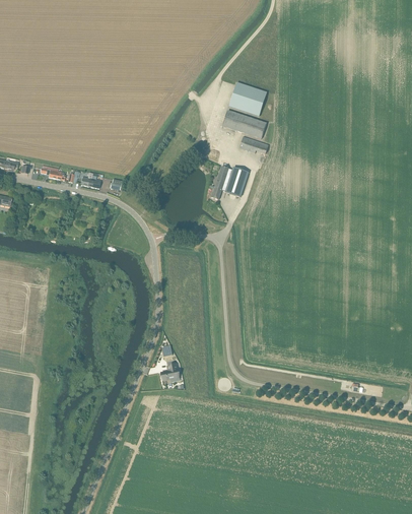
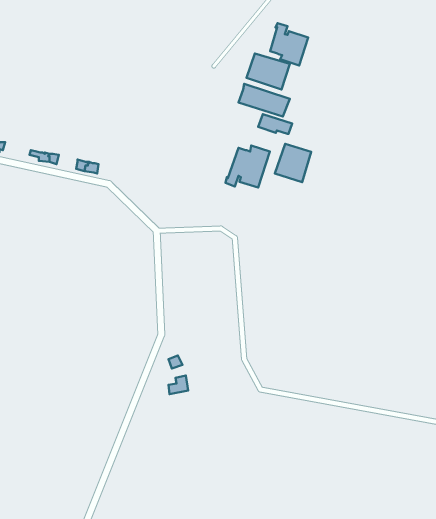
building: none -> [270,23,308,66]
building: none -> [275,144,311,182]

